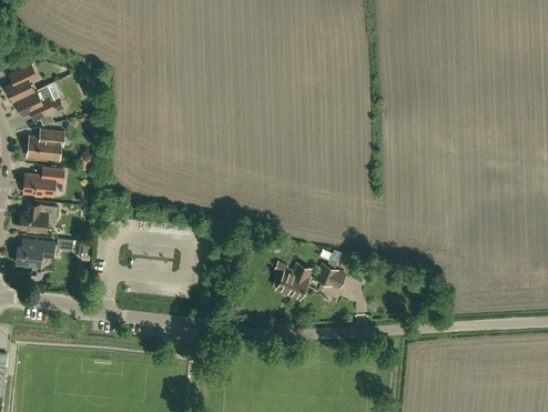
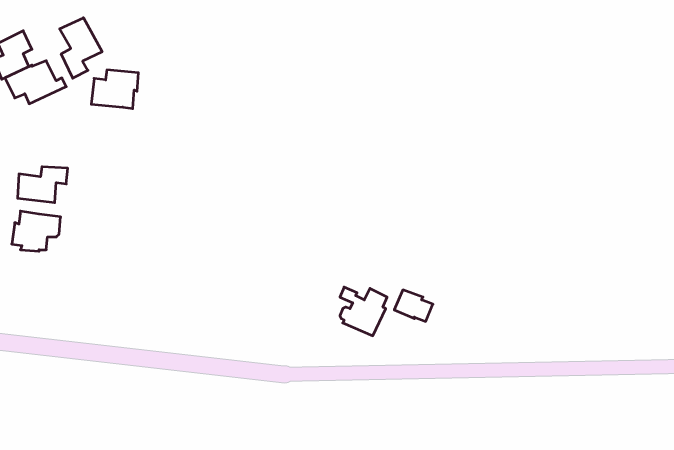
building: none -> [60,18,102,78]
building: [28,129,64,159] -> [91,70,138,109]
building: [17,240,54,265] -> none

